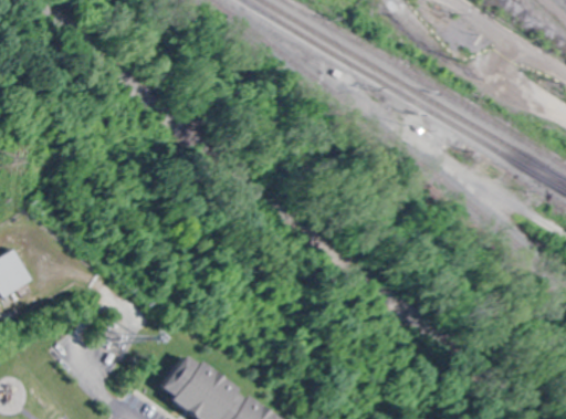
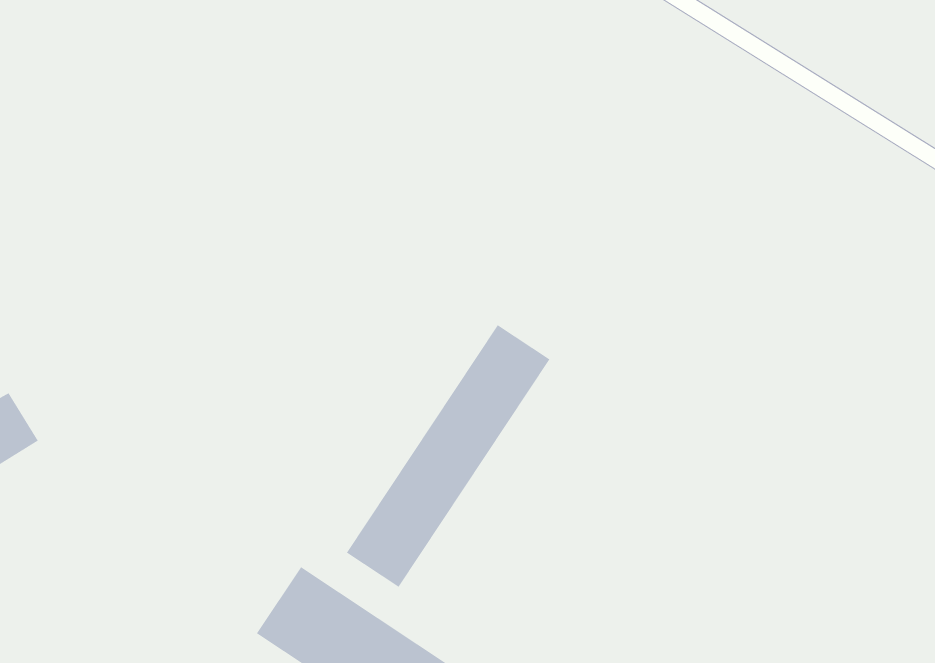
building: none -> [346,324,551,588]

